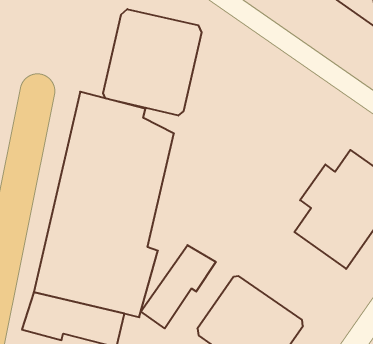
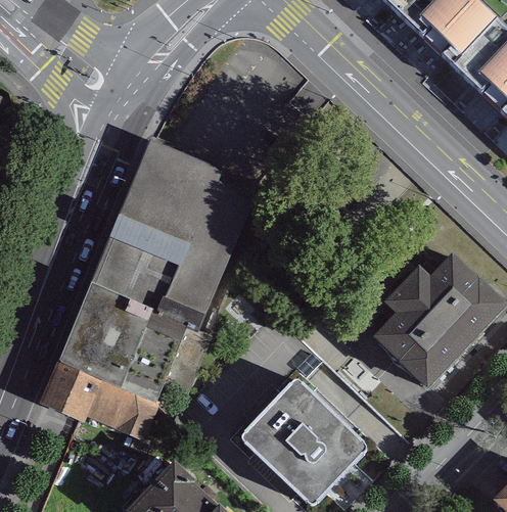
building: [103,9,202,116] -> none
building: [141,245,216,328] -> none

